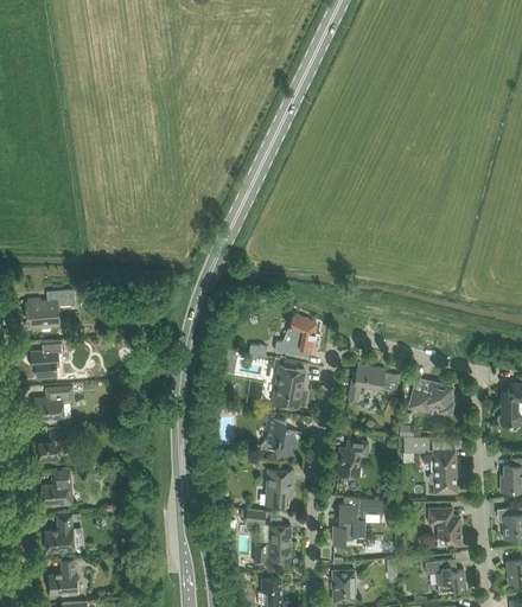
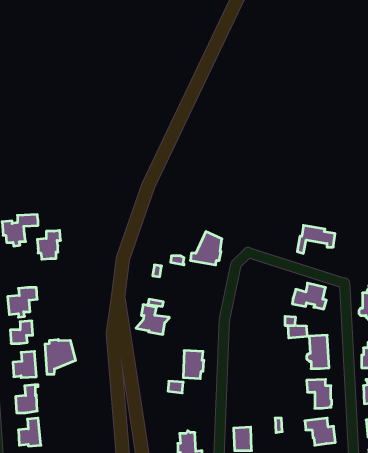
building: [30,339,61,377] -> [37,230,61,259]
building: [348,365,397,402] -> [297,225,335,253]
building: [272,366,304,408] -> none
building: [257,416,301,455] -> [136,305,169,334]
building: [336,440,367,477] -> none
building: none -> [45,339,76,374]
building: [332,498,387,544] -> none
building: [254,524,289,568] -> none

